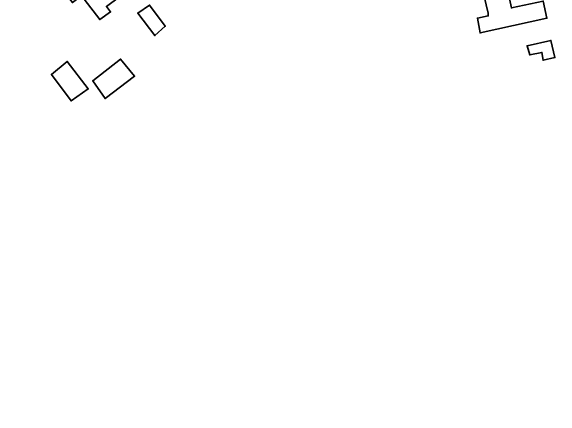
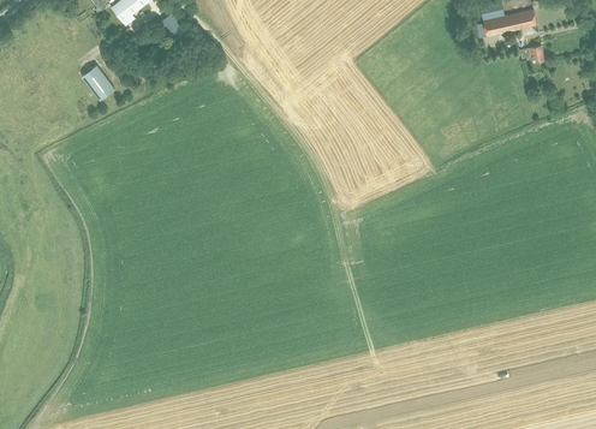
building: [93,59,134,99] -> none

